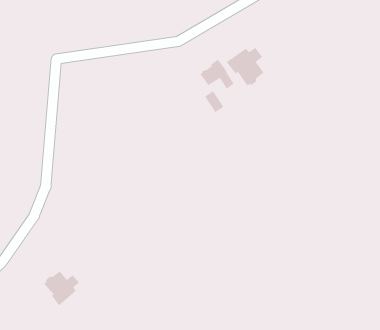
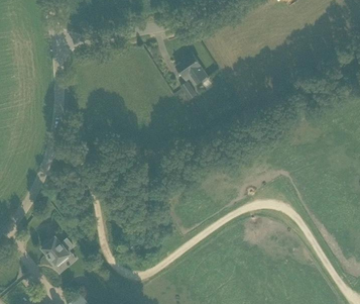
building: [226,47,264,86] -> none

